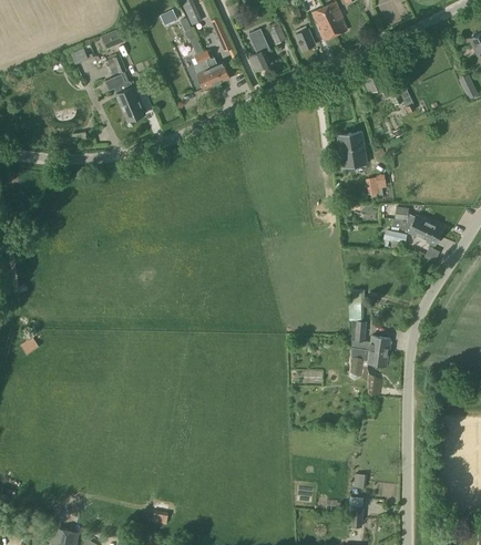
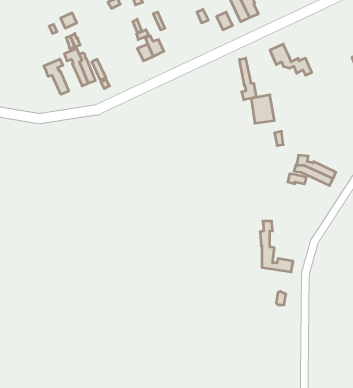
building: [248,30,270,71] -> none
building: none -> [239,58,256,100]
building: none -> [44,59,69,94]
building: [351,347,388,373] -> none

